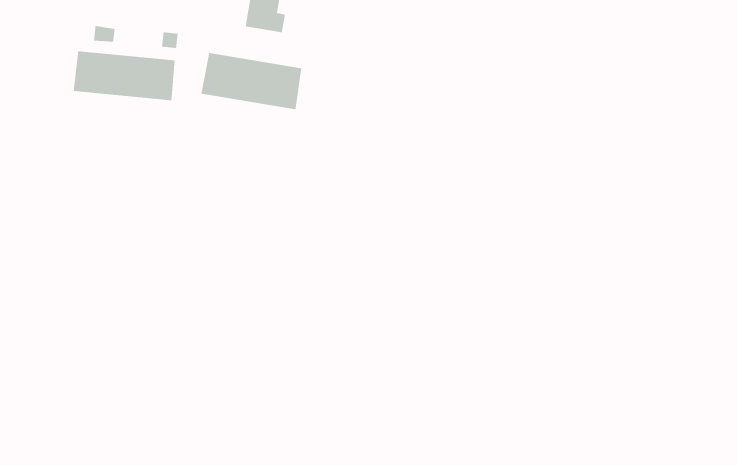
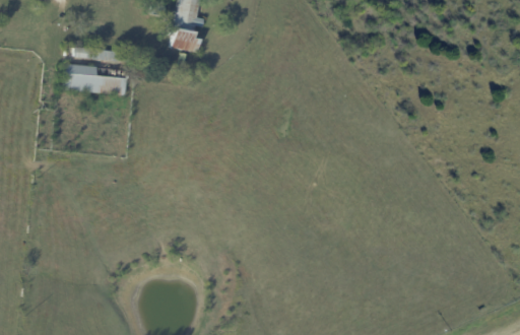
building: [201,52,302,110] -> none

